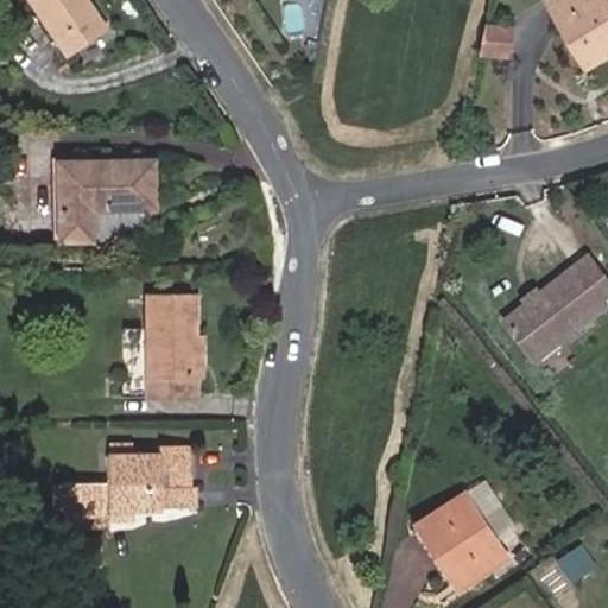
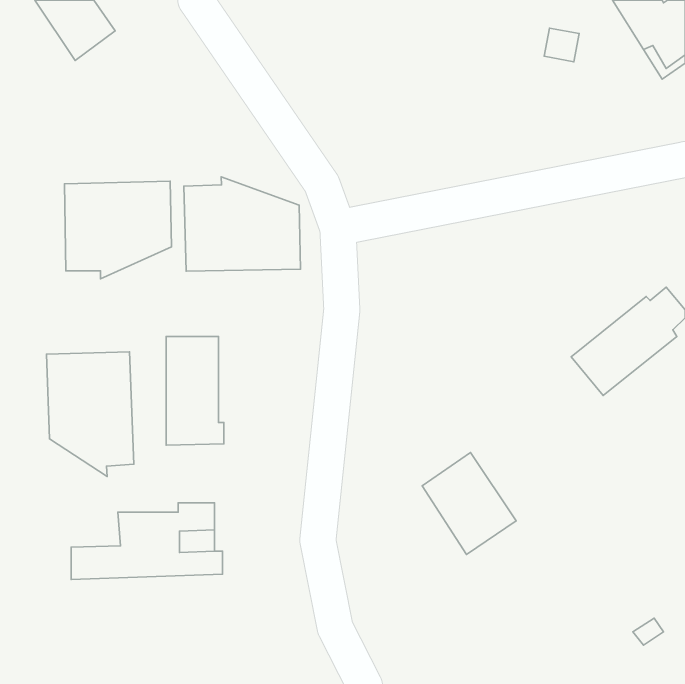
building: none -> [184,177,301,271]
building: none -> [47,352,134,477]
building: [424,495,507,585] -> [422,452,516,554]

